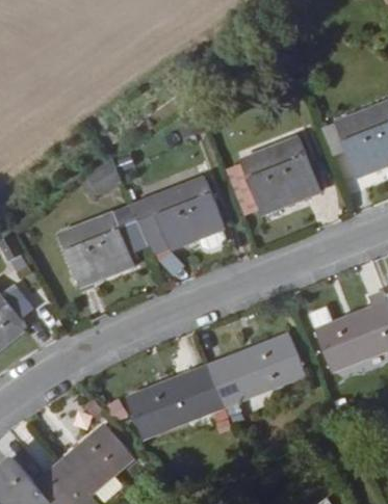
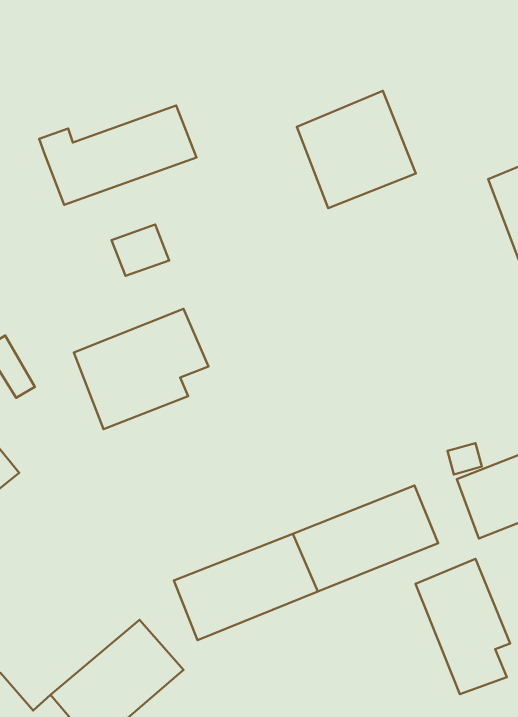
building: none -> [39,106,197,205]
building: [242,143,321,221] -> [297,91,416,208]
building: [134,186,227,261] -> none
building: none -> [415,559,510,694]

